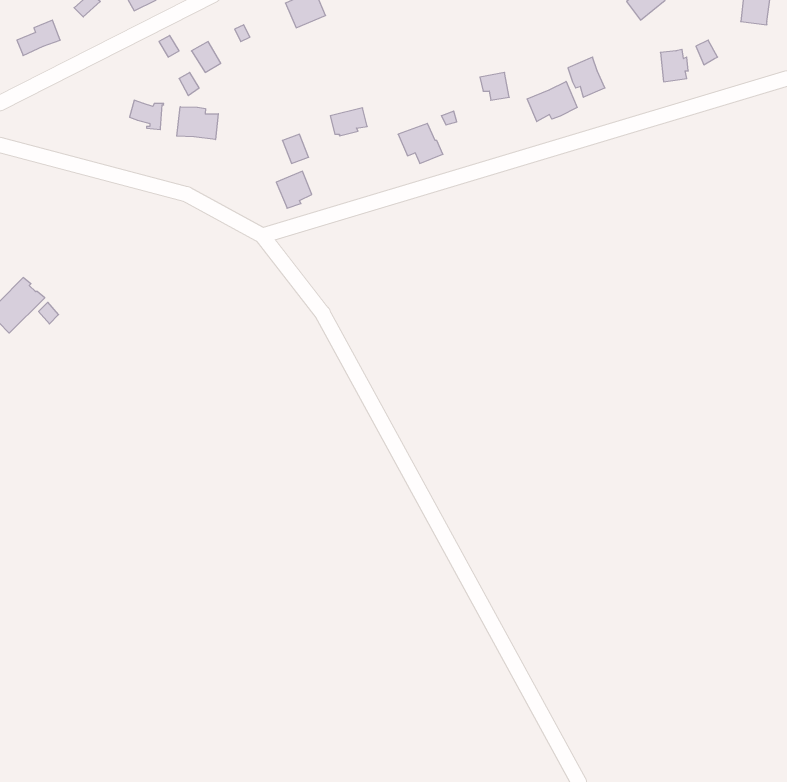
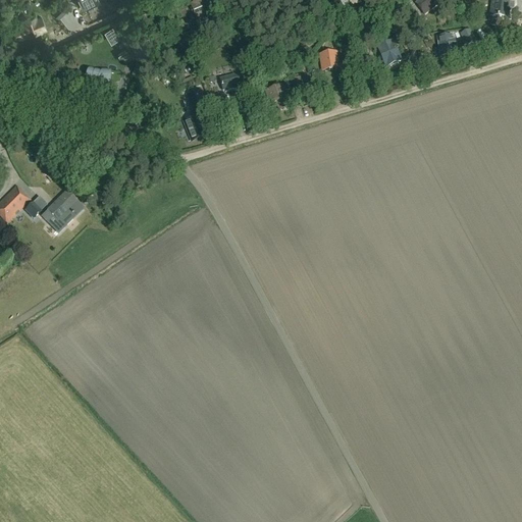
building: [527,81,577,122] -> none
building: [177,107,218,140] -> none
building: none -> [41,189,83,224]

